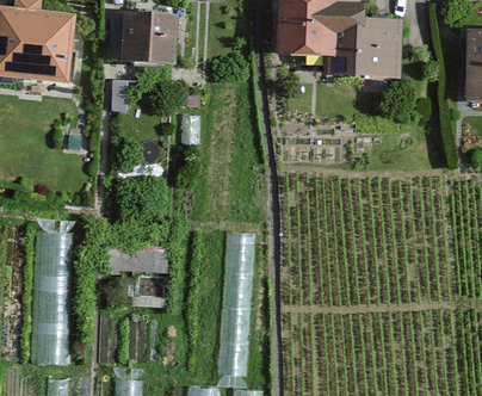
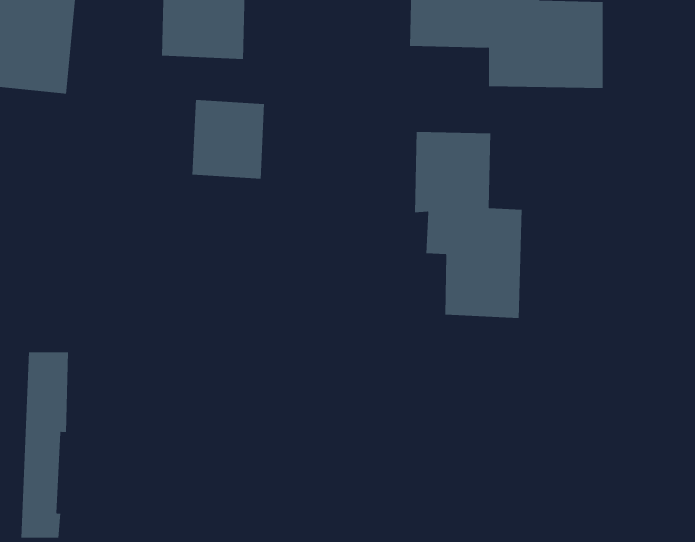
building: none -> [192,99,265,179]
building: none -> [414,131,522,319]

